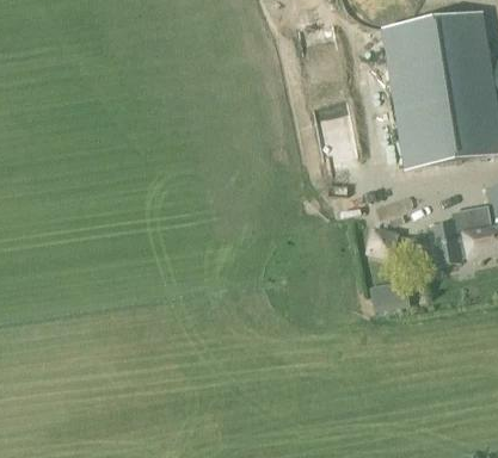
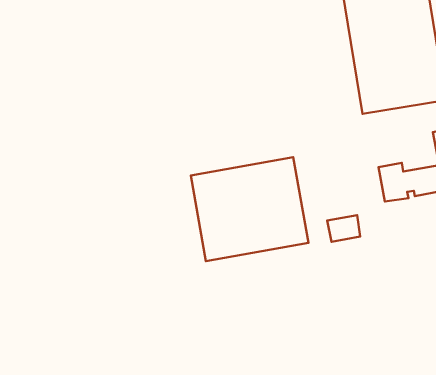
building: none -> [191,157,308,261]

